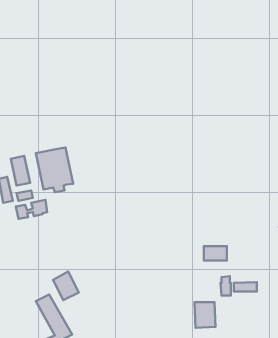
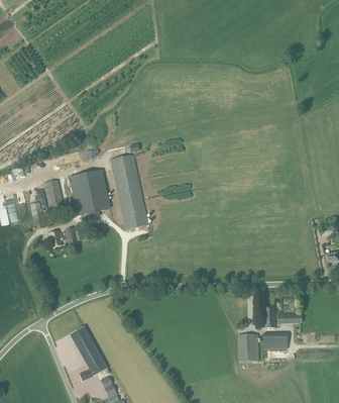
building: none -> [111,155,147,229]
building: [204,246,227,260] -> [263,333,288,348]
building: [53,271,79,300] -> none

